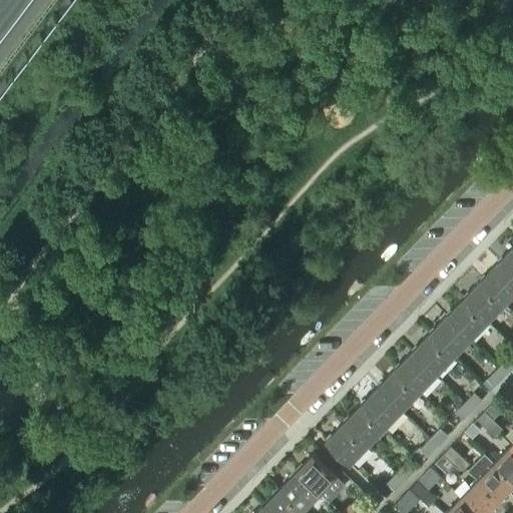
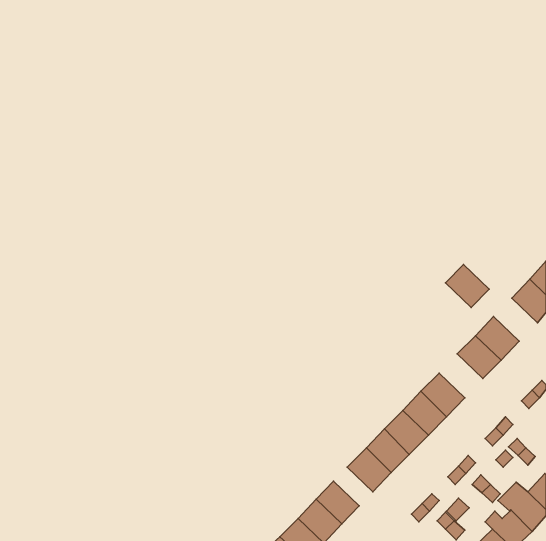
building: [463,285,504,325] -> [445,265,489,307]
building: [412,337,453,378] -> none

